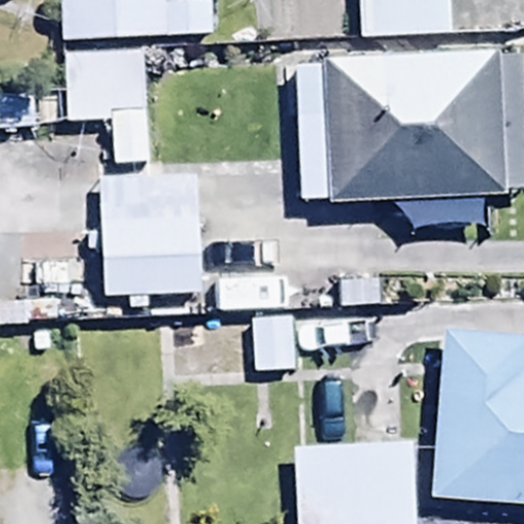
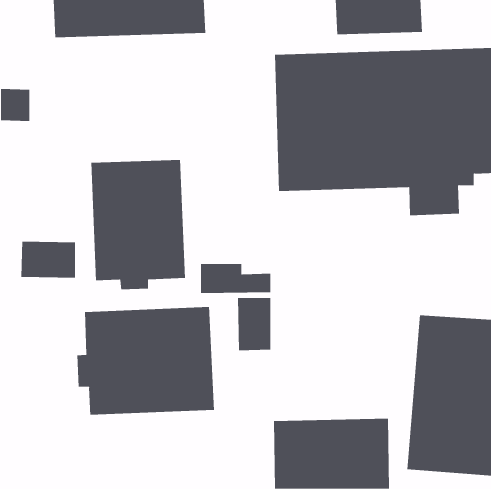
building: [66,49,160,161] -> none
building: none -> [77,306,215,415]

